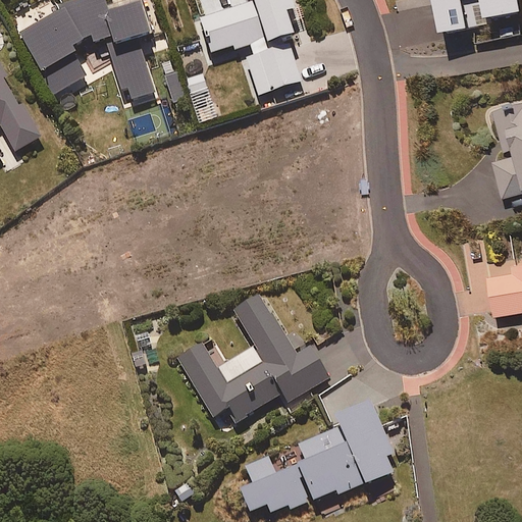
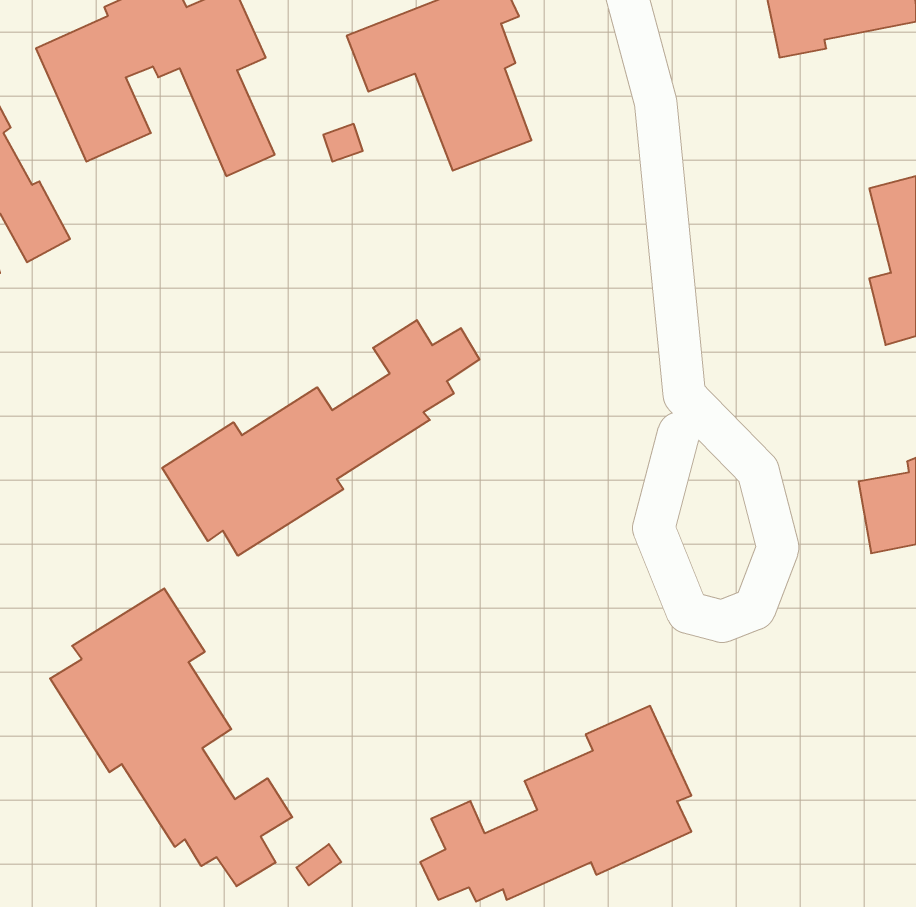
building: none -> [162,320,480,556]
building: [177,293,328,420] -> none
building: none -> [50,588,292,886]

